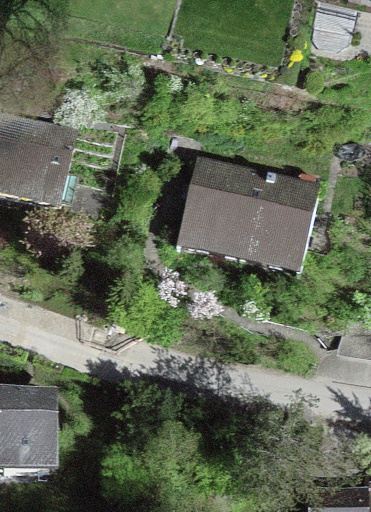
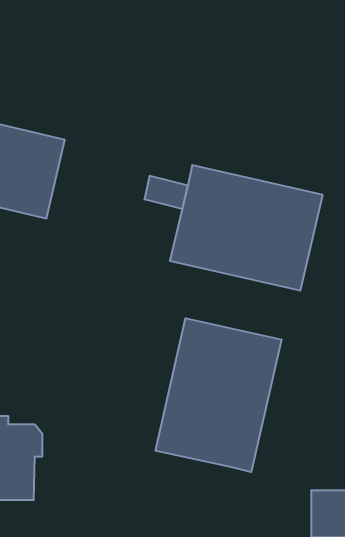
building: none -> [155,318,281,472]

